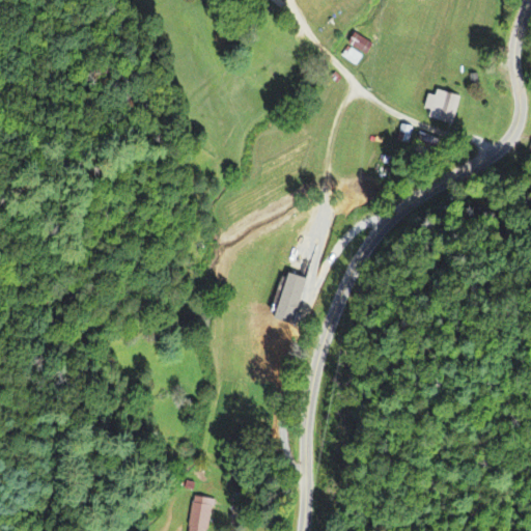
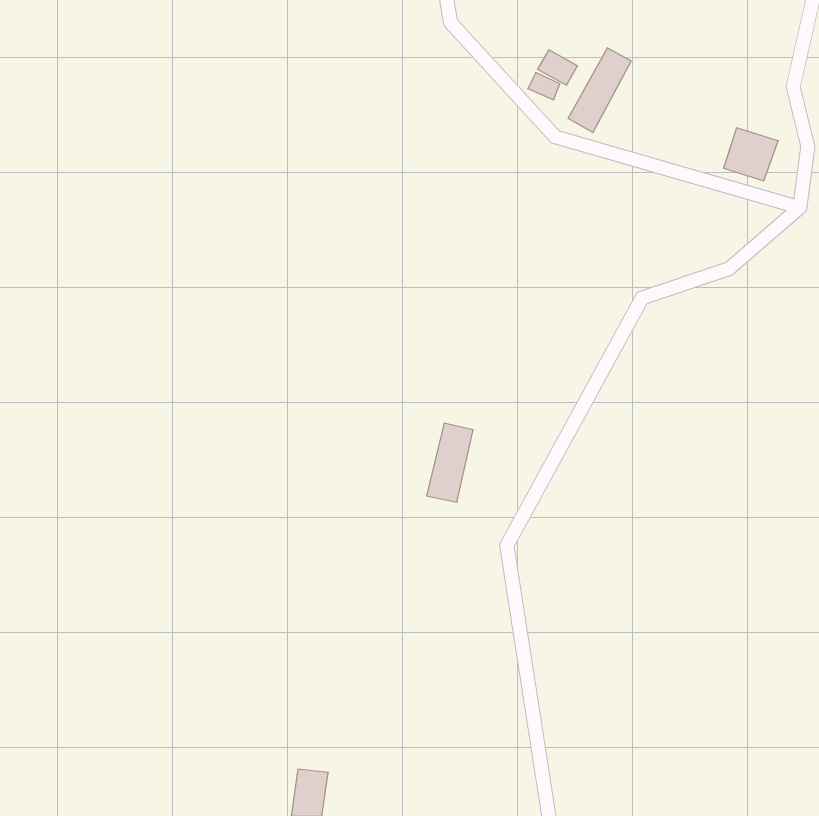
building: none -> [568,48,631,133]
building: [424,87,459,121] -> [724,128,778,181]

